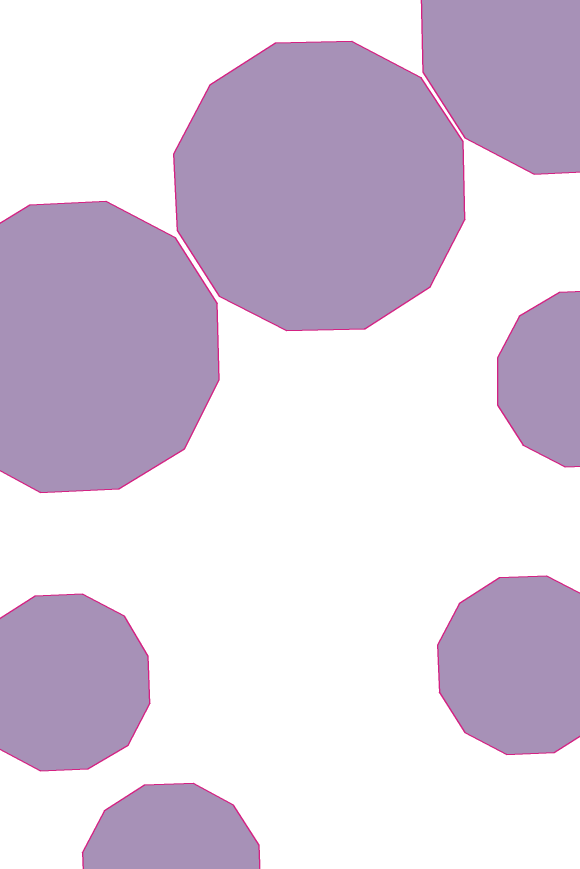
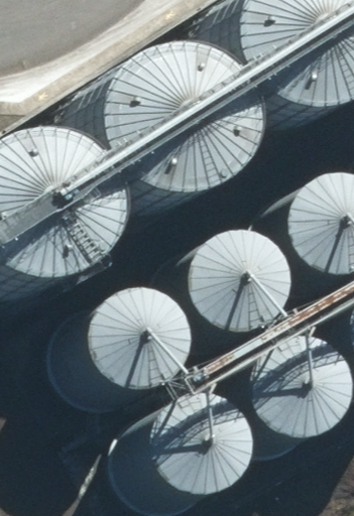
building: none -> [193,231,291,329]
building: none -> [97,282,196,381]
building: none -> [156,389,255,488]

